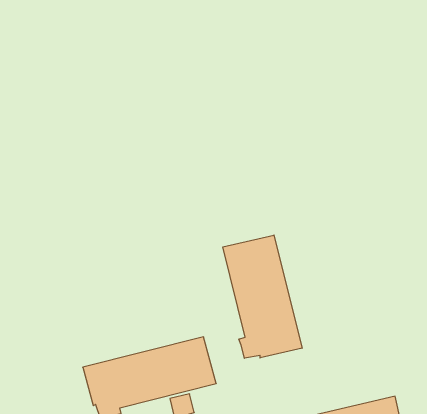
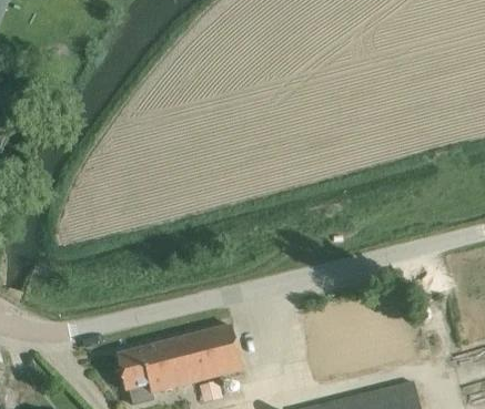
building: [223,235,302,358] -> none

